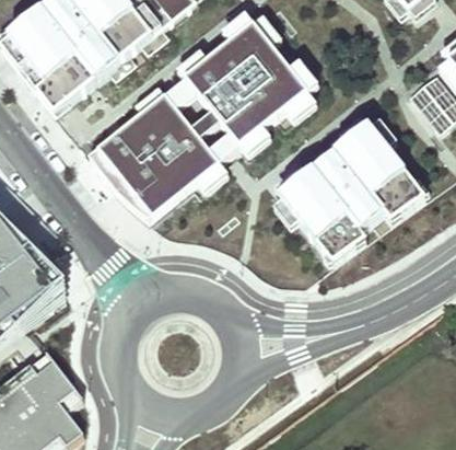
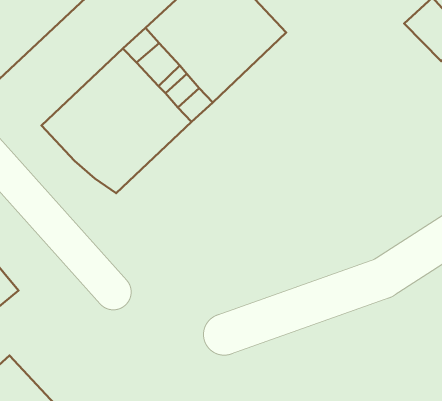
building: [280,122,418,252] -> none

